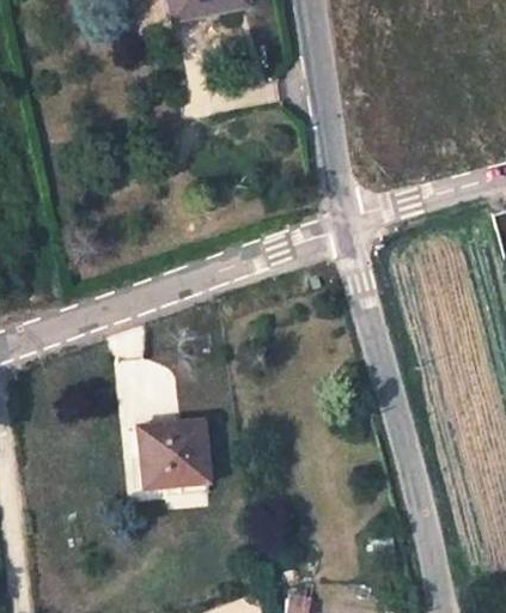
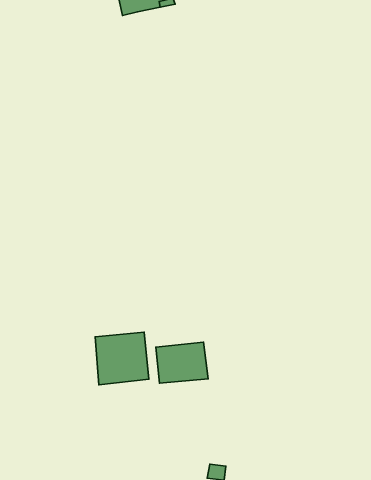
building: none -> [156,342,208,383]

